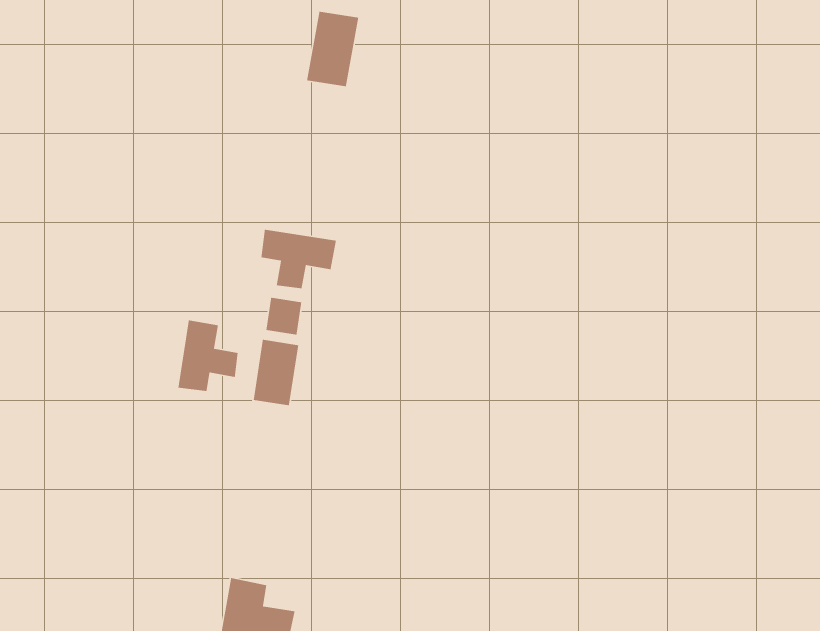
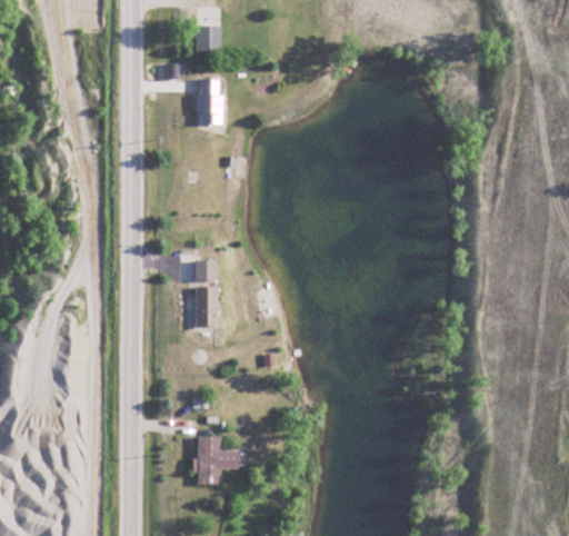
building: [261,229,337,289] -> none
building: [178,319,238,392] -> none

